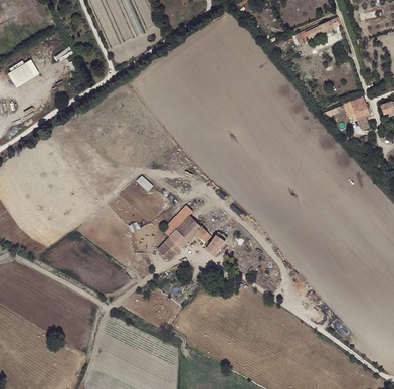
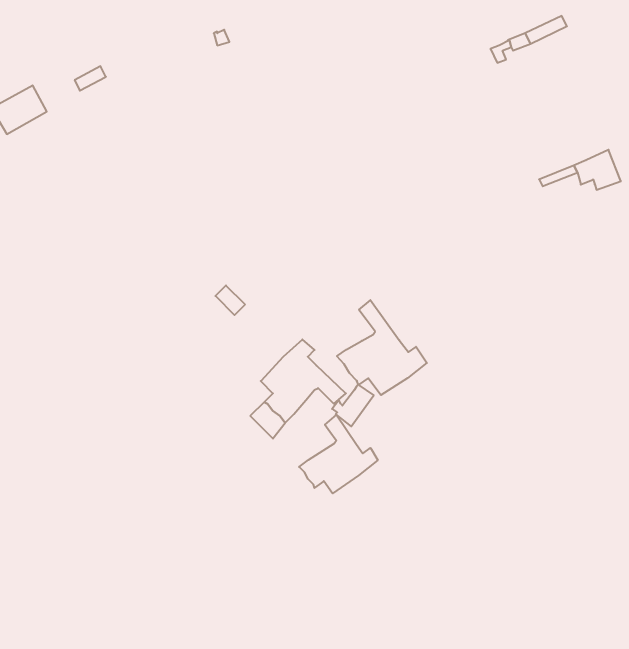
building: none -> [337,300,427,395]
building: none -> [299,415,378,493]

